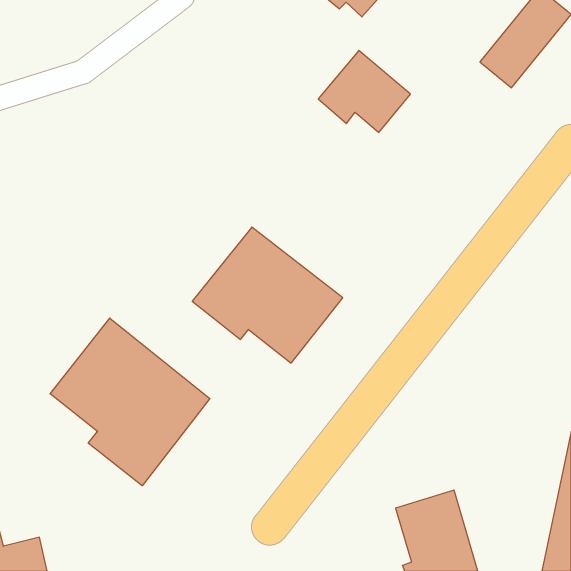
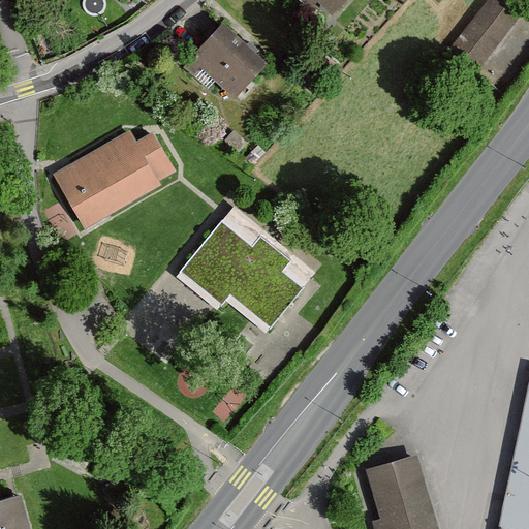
building: [318,50,410,132] -> [182,24,267,99]
building: none -> [52,129,175,229]
building: [50,318,210,486] -> none

